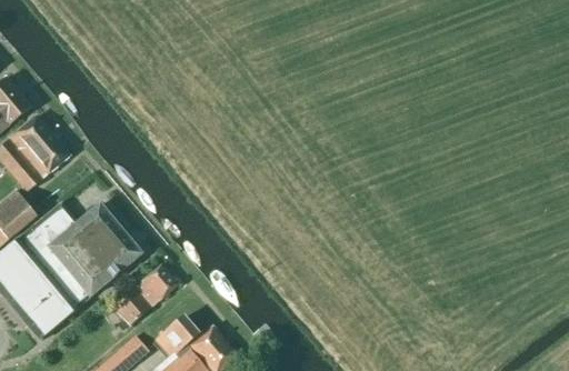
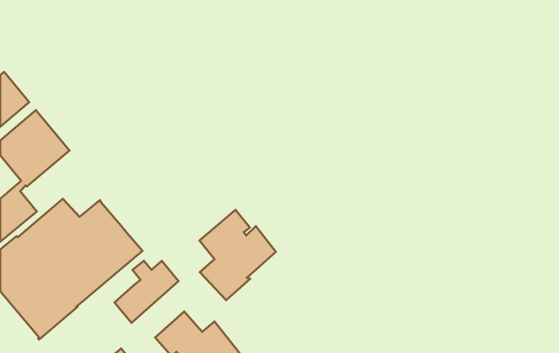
building: none -> [199,210,276,300]

